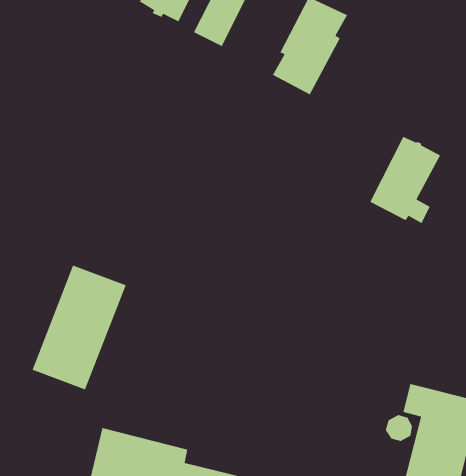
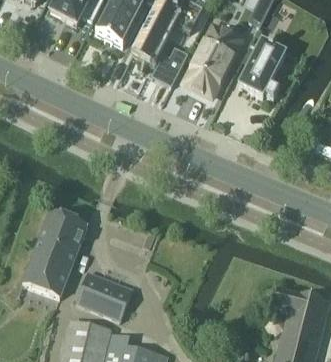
building: none -> [152,46,189,86]
building: [369,136,441,224] -> [238,39,287,99]
building: none -> [77,272,133,320]

